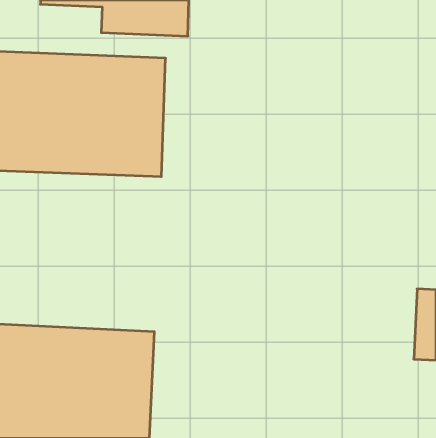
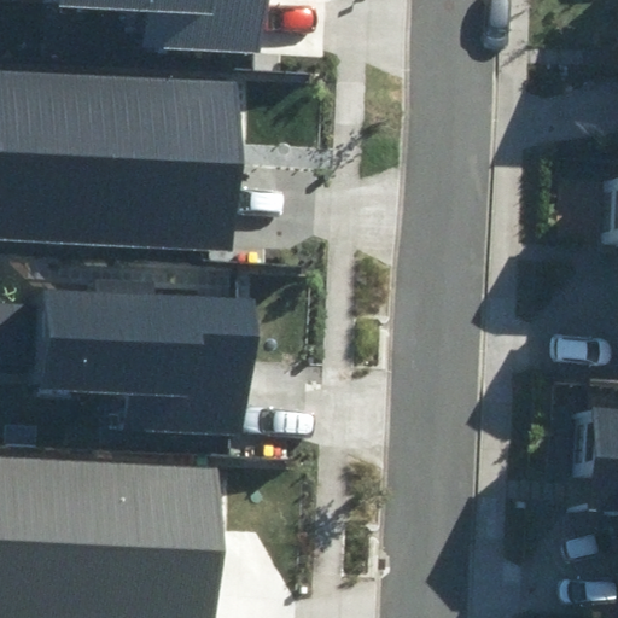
building: none -> [37,278,246,432]

